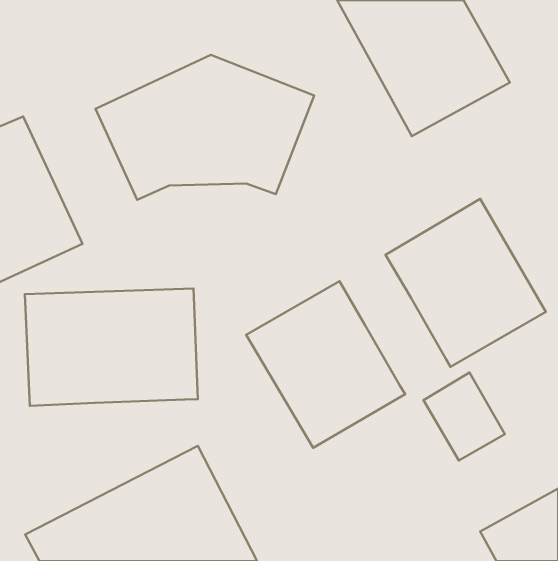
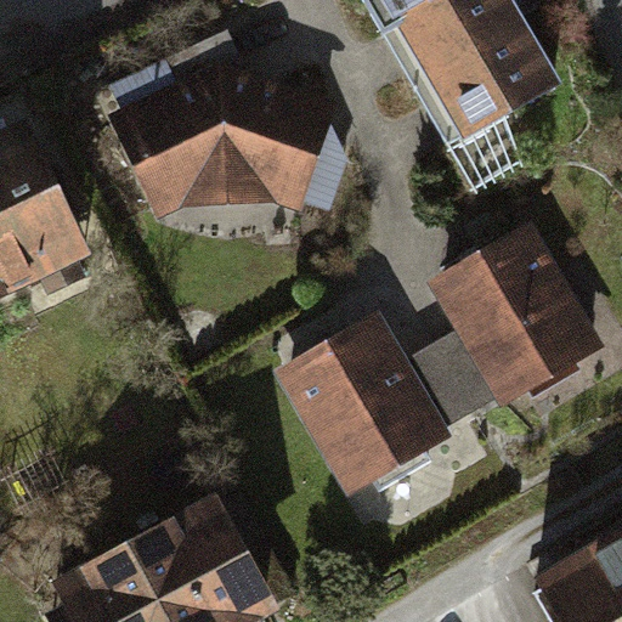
building: [25,289,198,406] -> none
building: [424,373,505,460] -> [403,329,493,426]

